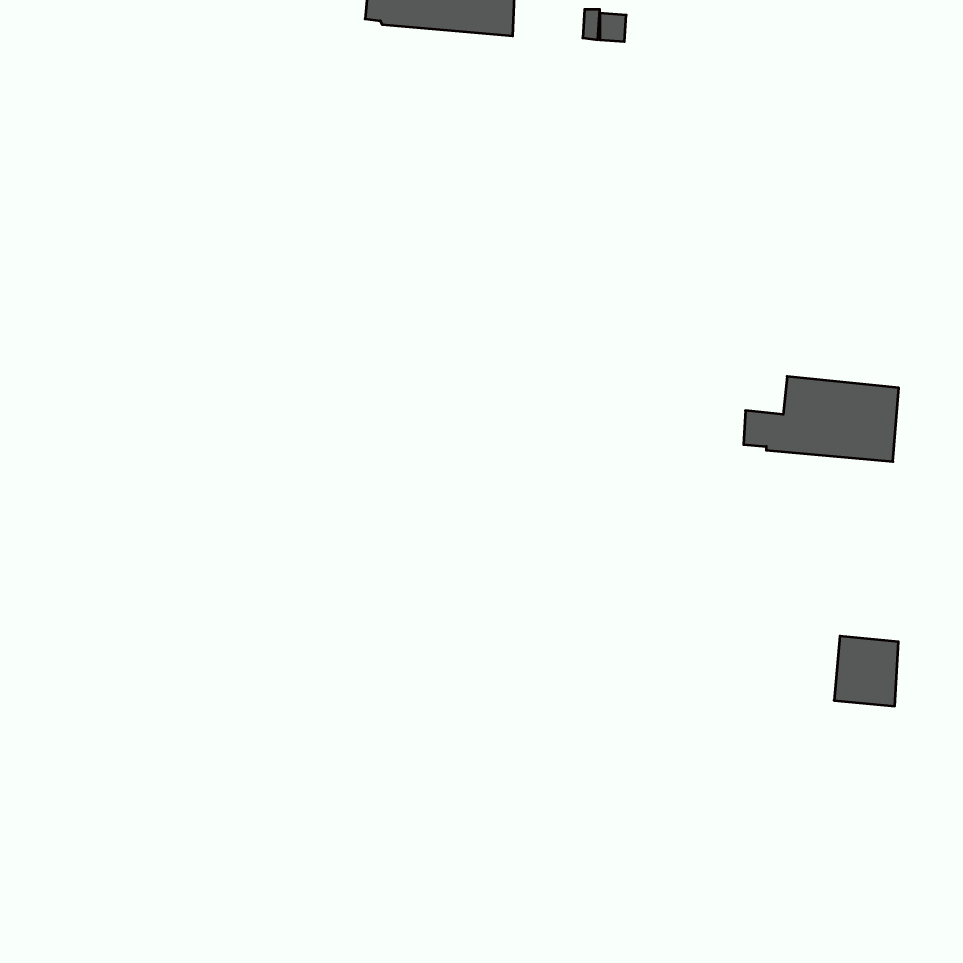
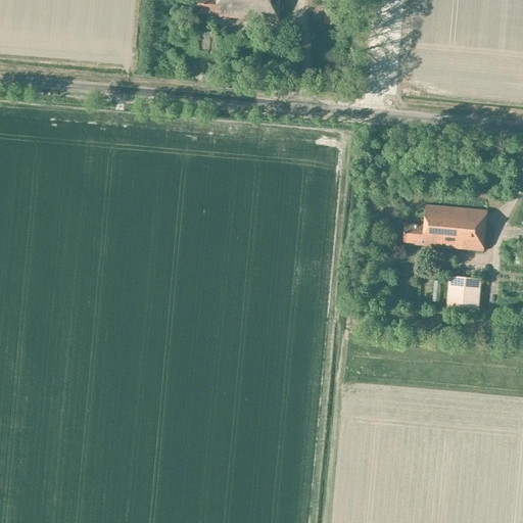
building: [834,636,898,706] -> [445,274,480,312]

